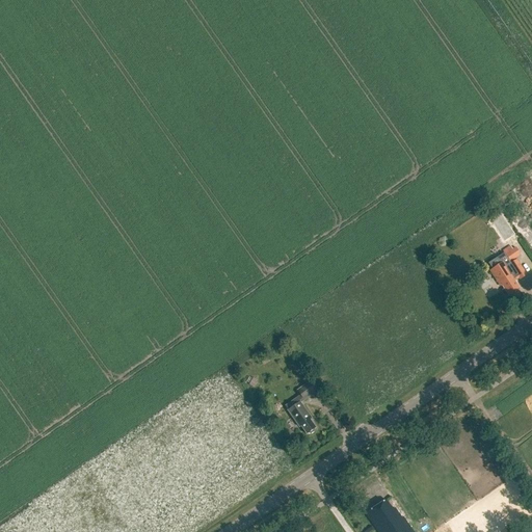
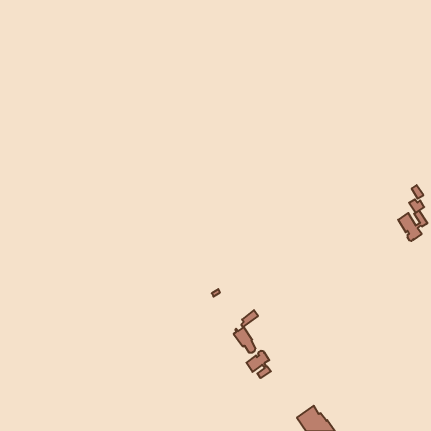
building: none -> [246,351,271,378]

